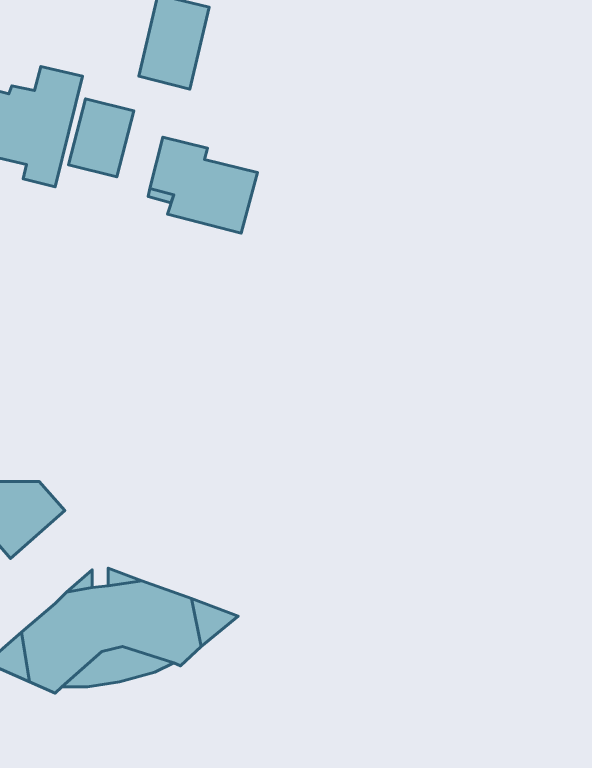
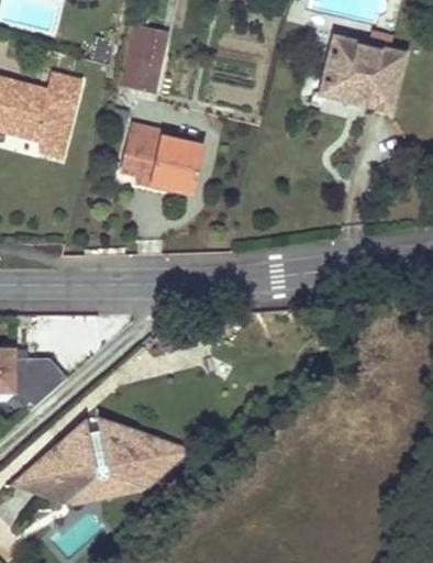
building: none -> [320,34,403,107]
building: [68,99,134,177] -> none

